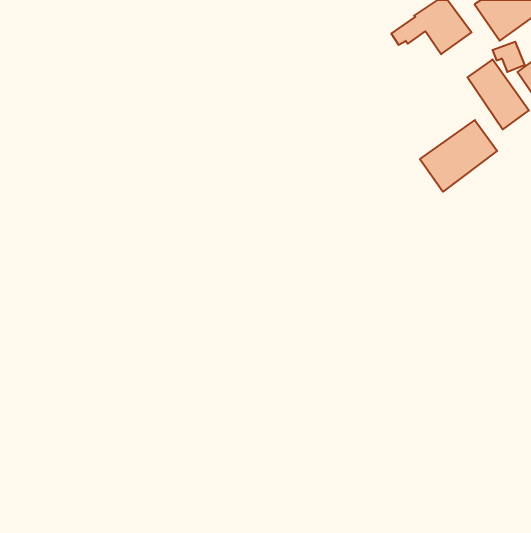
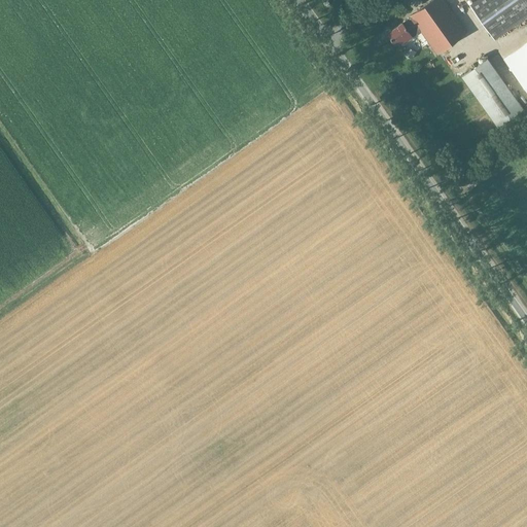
building: [420,120,497,192] -> none

